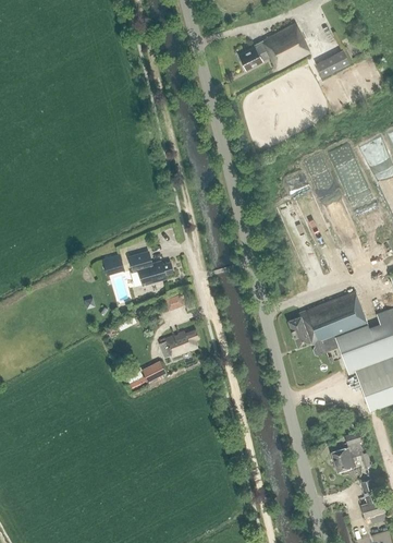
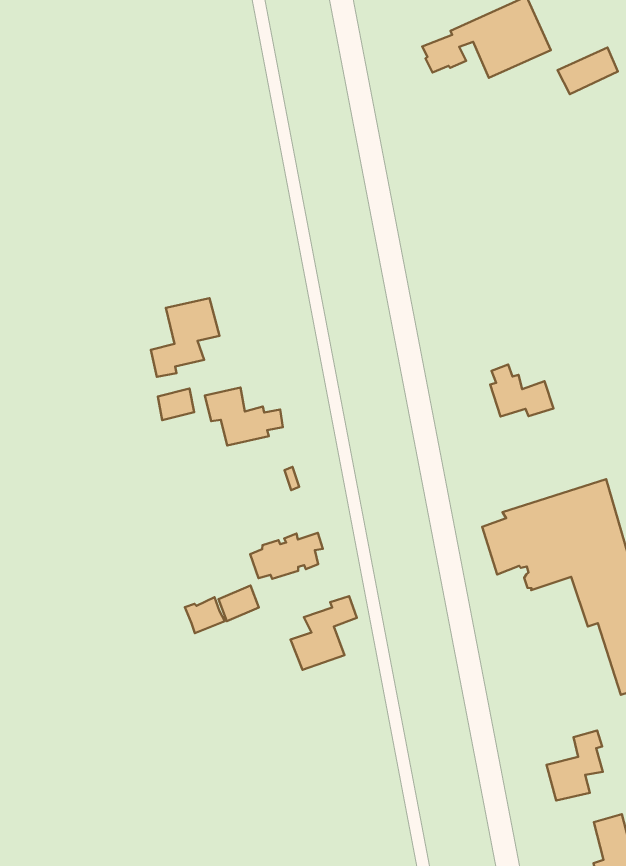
building: none -> [151,298,219,377]
building: none -> [490,365,554,416]
building: none -> [290,596,357,670]

